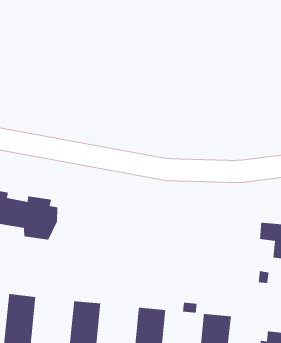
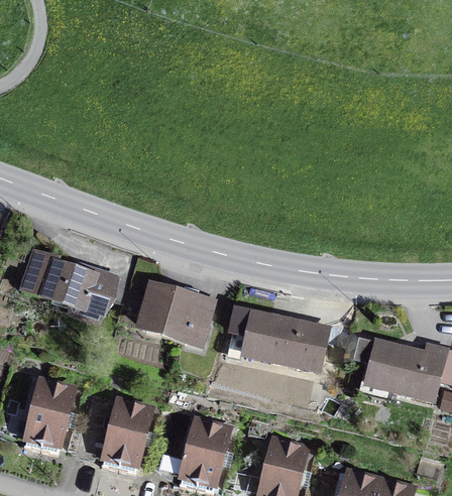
building: none -> [142,285,212,342]
building: none -> [233,308,328,369]

